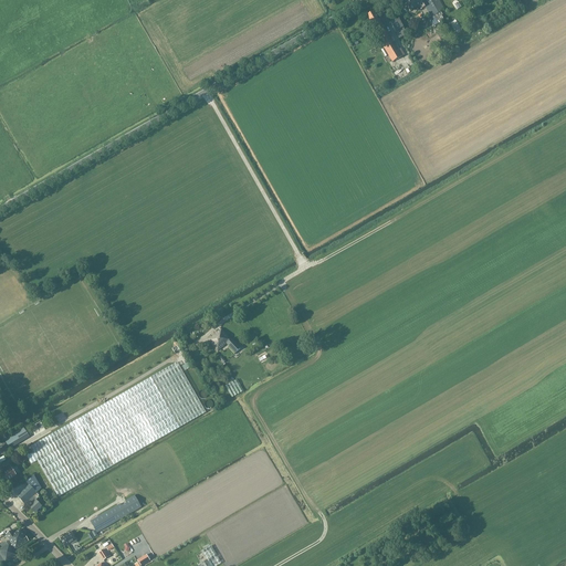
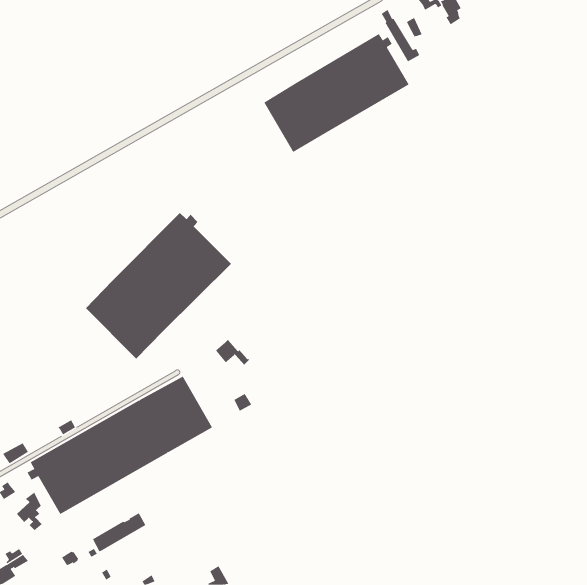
building: none -> [264,33,409,153]
building: none -> [85,212,232,359]

